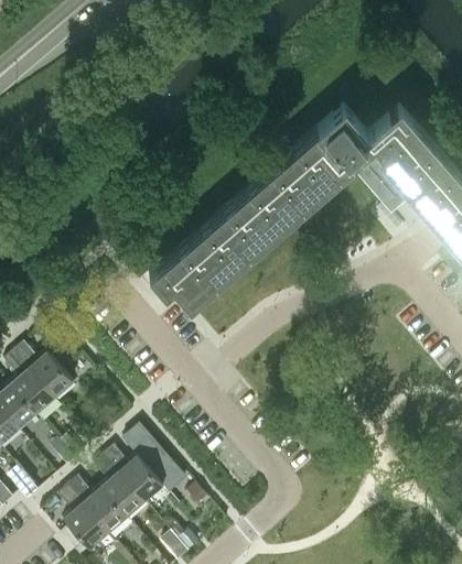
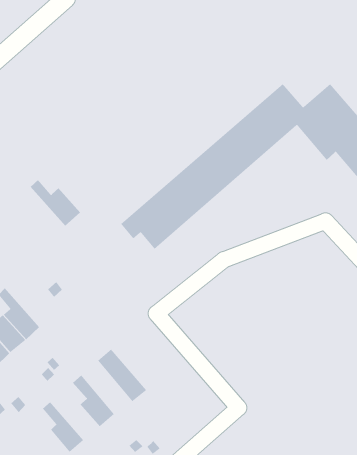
building: [10,347,71,403] -> [30,179,81,226]
building: [101,452,160,507] -> none
building: [64,481,123,538] -> none

